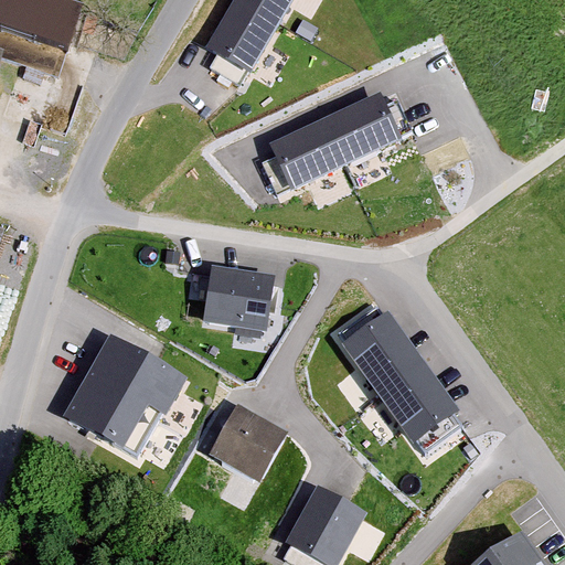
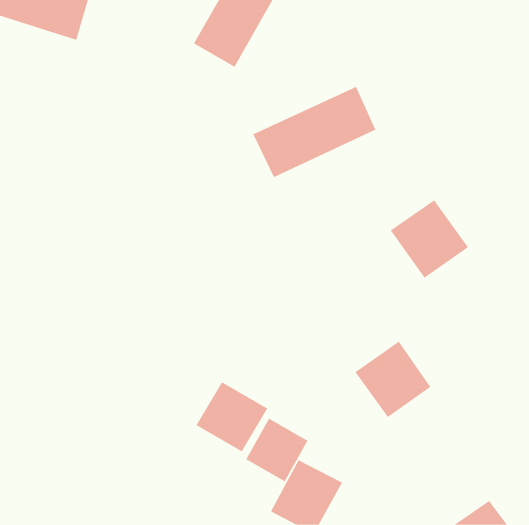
building: [202,267,273,330] -> none
building: [340,311,424,395] -> [390,199,469,278]
building: [64,337,183,448] -> none
building: none -> [246,418,308,482]

